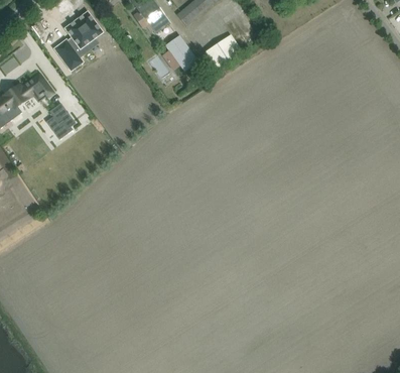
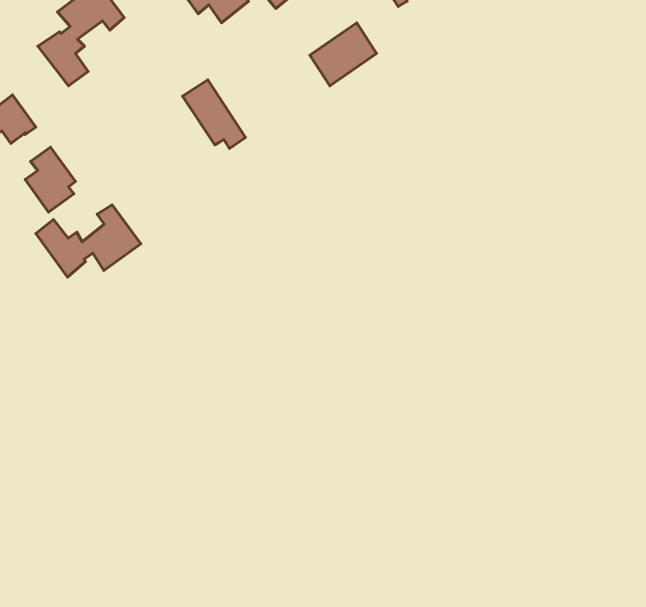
building: [166,36,202,75] -> [183,80,246,148]
building: none -> [36,205,141,277]

